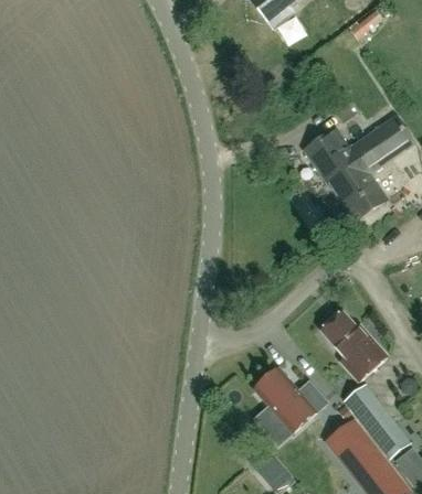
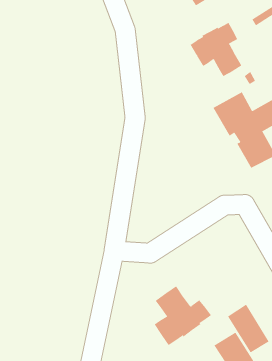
building: none -> [190,22,242,77]
building: [319,310,387,380] -> none

